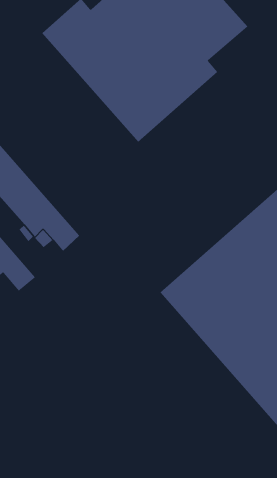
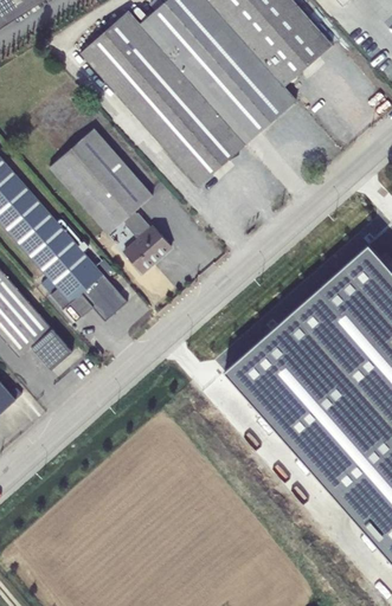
building: none -> [47,127,171,271]

